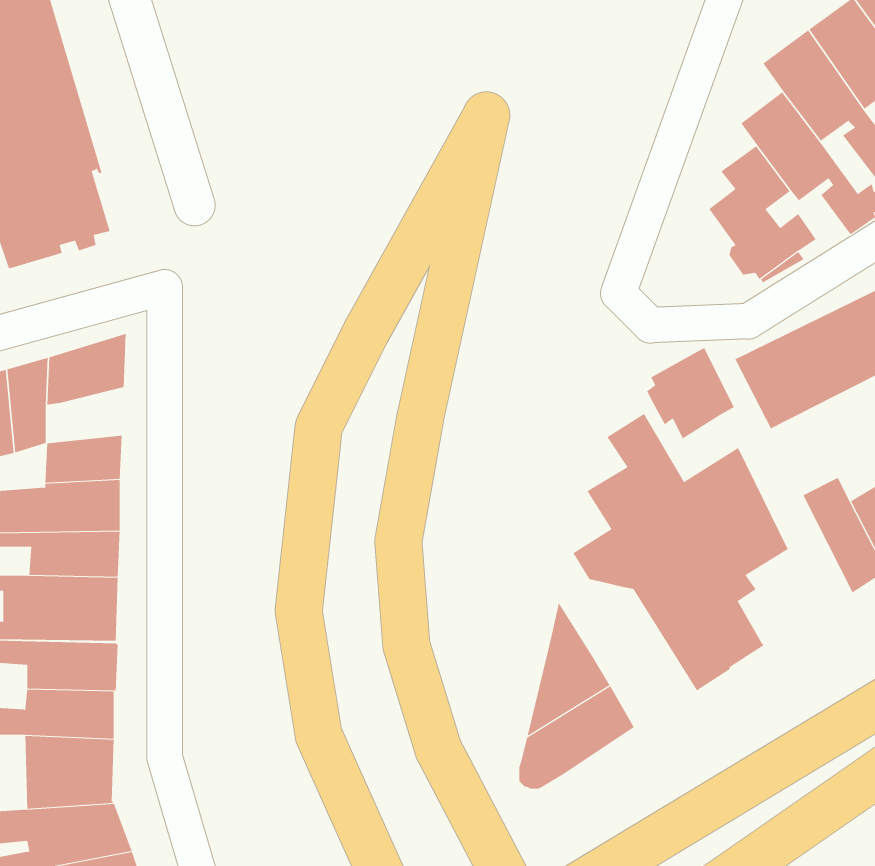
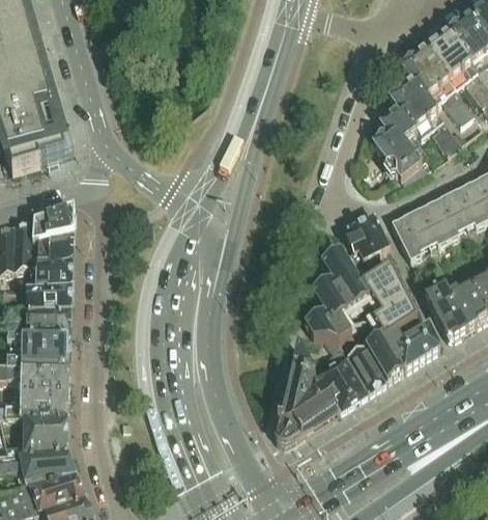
building: none -> [32,232,73,262]
building: none -> [391,312,439,367]
building: none -> [315,336,369,410]

